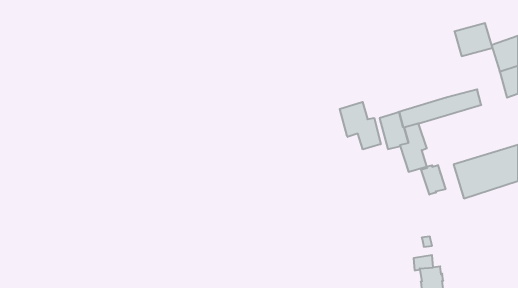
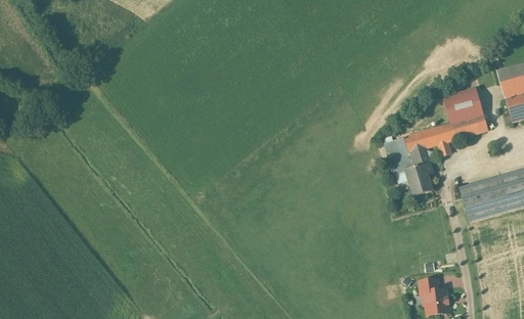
building: [454,23,492,56] -> [444,89,482,122]
building: [340,102,381,149] -> none
building: [421,165,446,195] -> none

